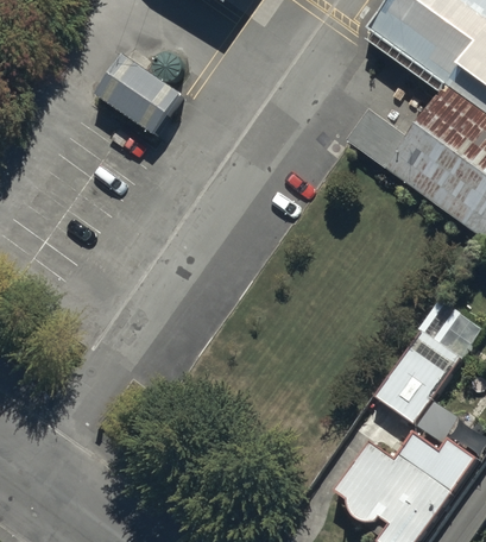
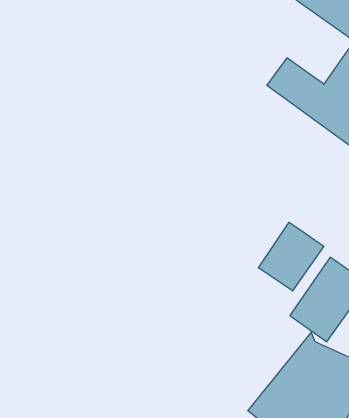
building: [96,55,183,136] -> none
building: none -> [258,222,324,291]

